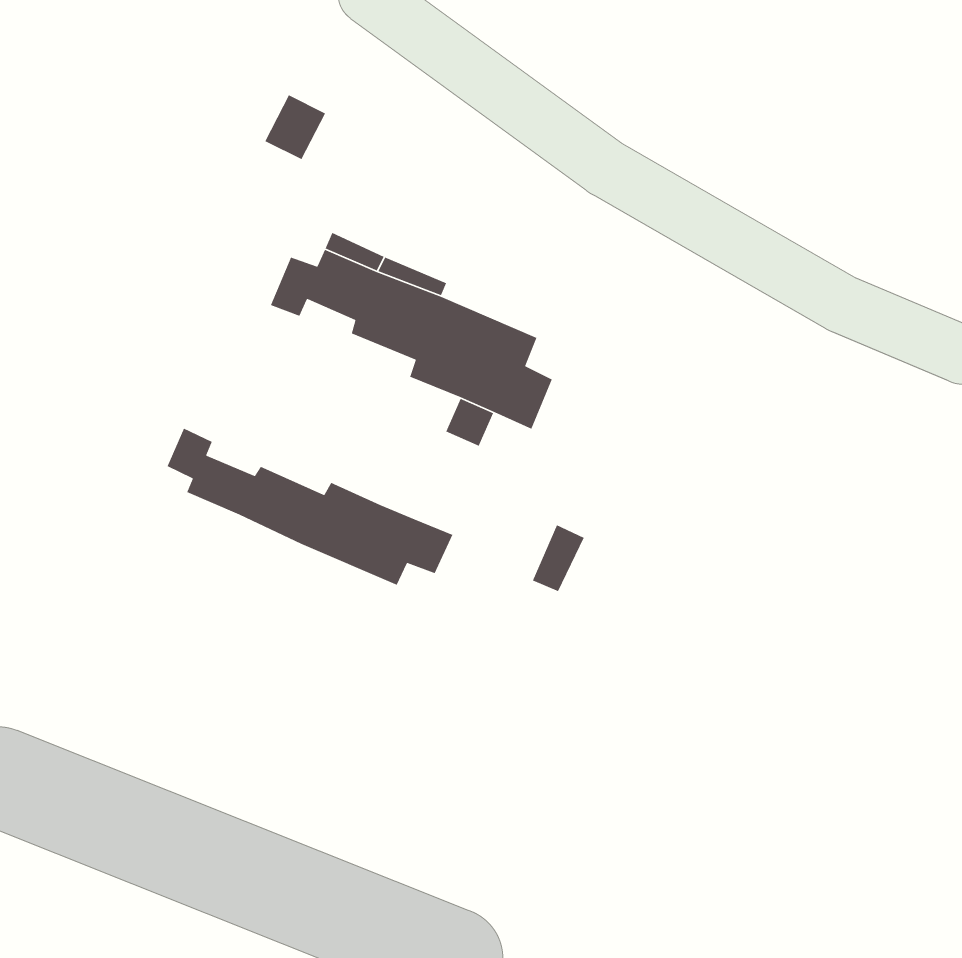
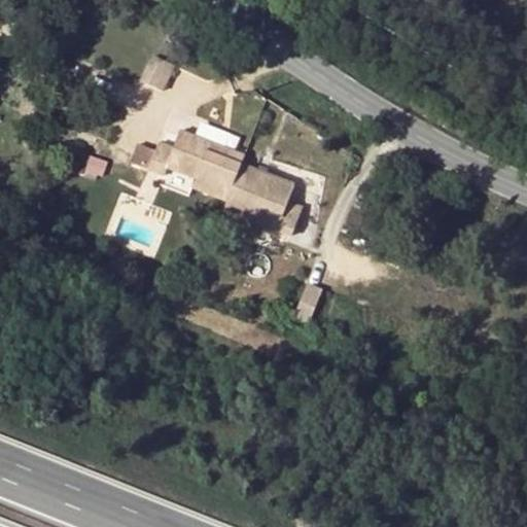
building: [167,428,453,586] -> none

